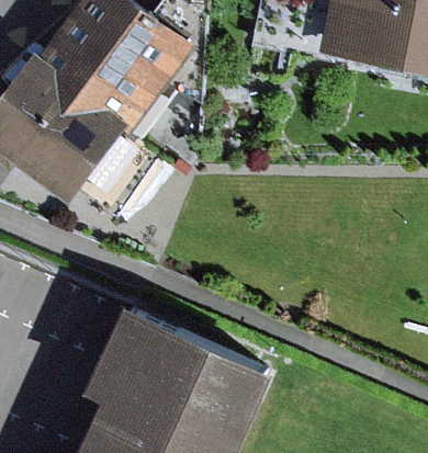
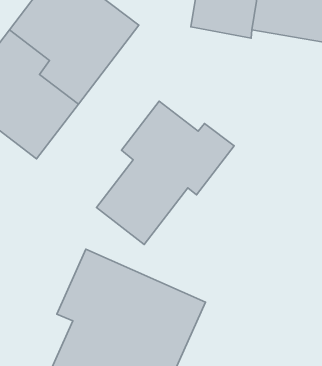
building: none -> [97,101,234,244]

